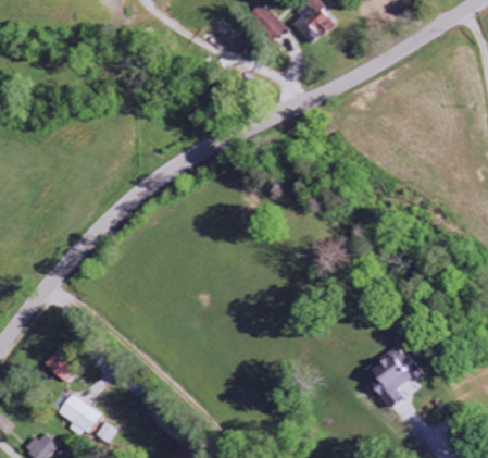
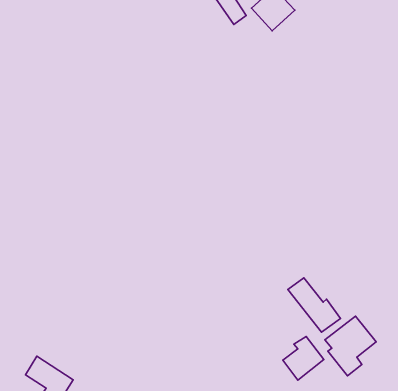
building: none -> [288,278,340,332]
building: none -> [283,336,324,380]

